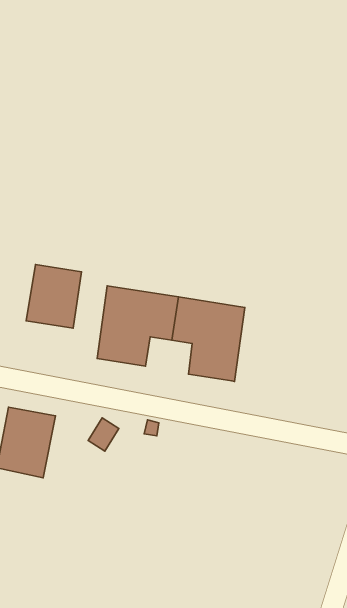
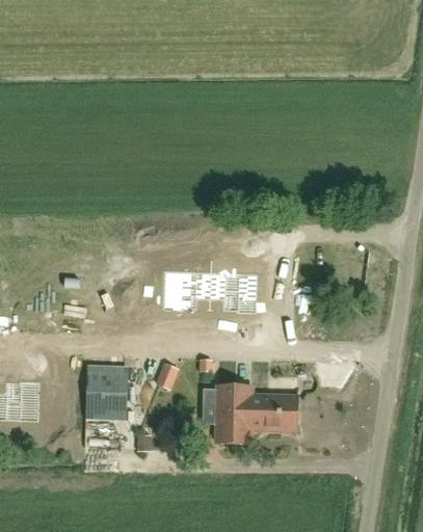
building: [26,265,82,328] -> none
building: none -> [202,385,296,443]

